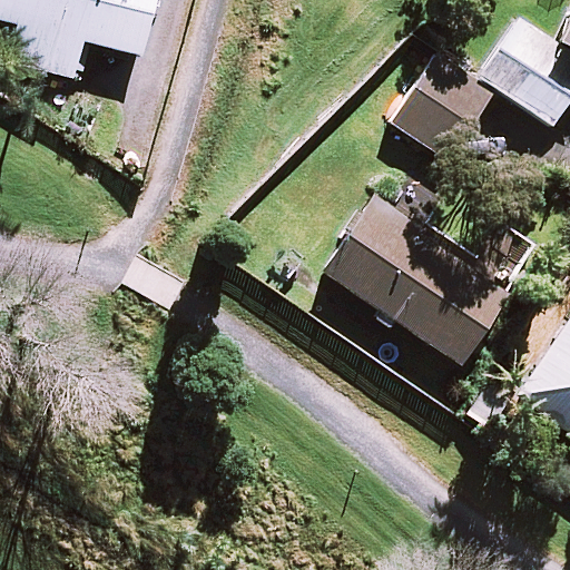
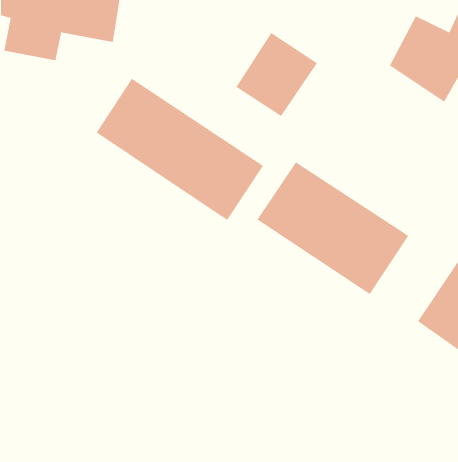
building: [393,56,494,159] -> [235,32,318,117]
building: none -> [96,78,264,221]

